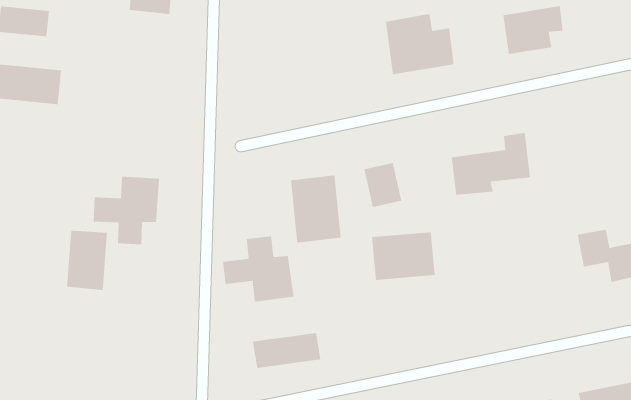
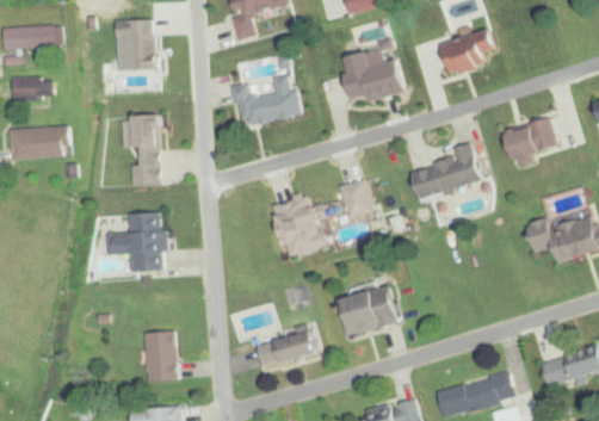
building: none -> [234,74,291,126]
building: none -> [123,117,159,186]
building: none -> [505,119,555,161]
building: [66,230,108,290] -> [144,332,178,382]
building: [371,232,436,280] -> [338,287,396,334]
building: [223,235,294,303] -> none

